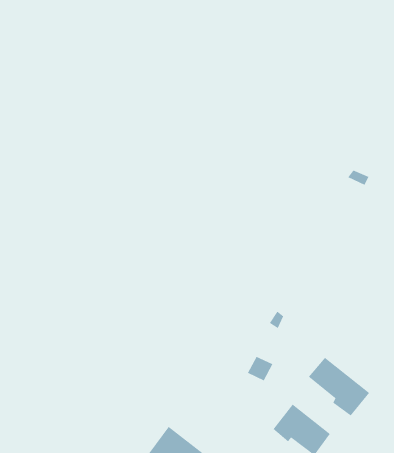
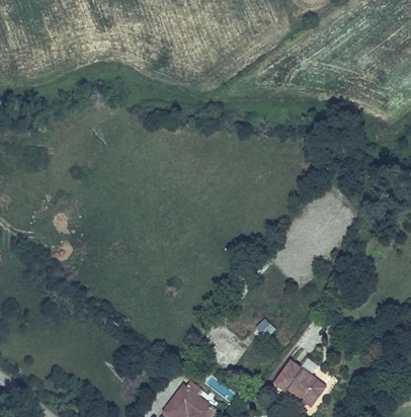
building: [308,357,370,417] -> none

